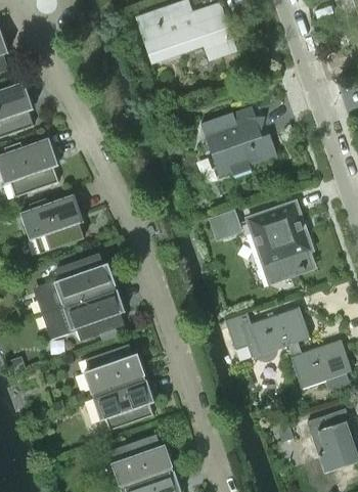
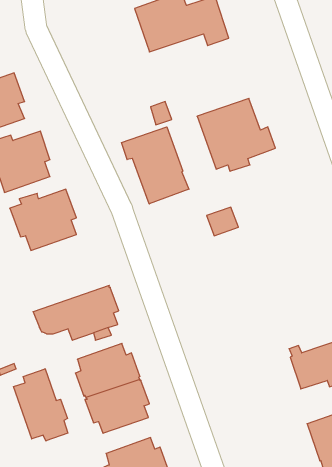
building: none -> [122,127,189,204]
building: [249,204,312,280] -> none
building: [37,254,116,313] -> none
building: [225,306,310,361] -> none
building: none -> [14,369,68,441]

